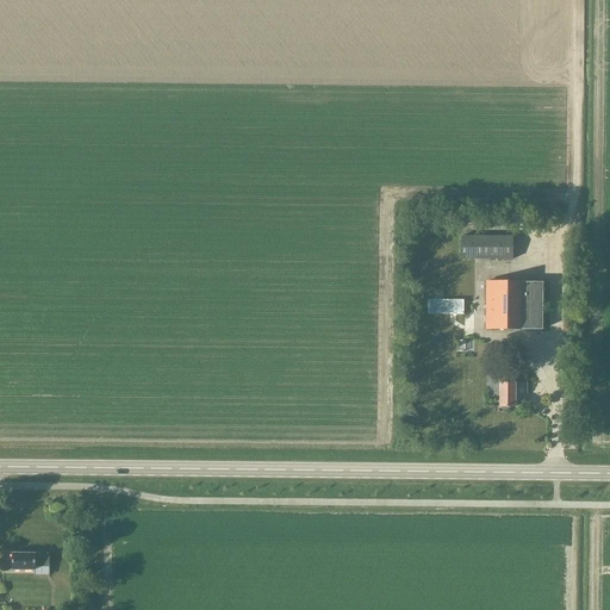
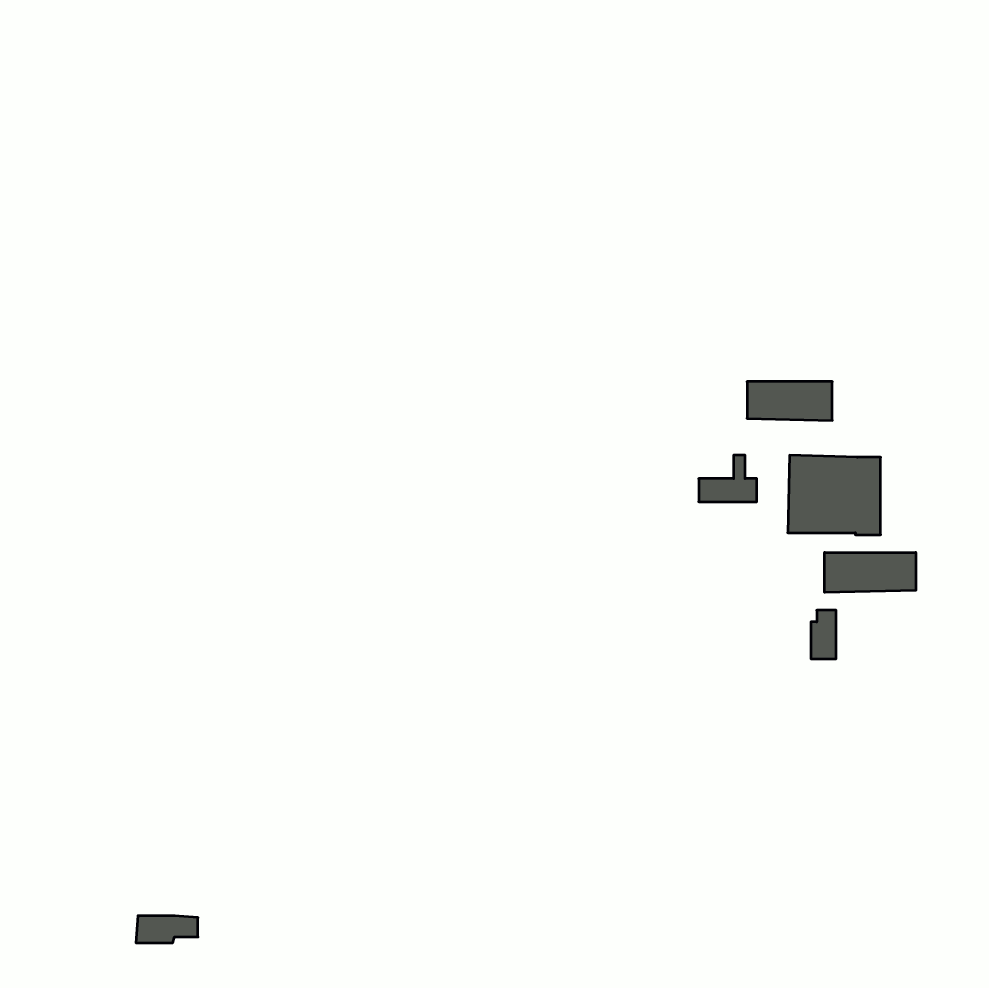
building: none -> [825,552,916,592]
building: [12,552,50,568] -> [136,916,198,943]

